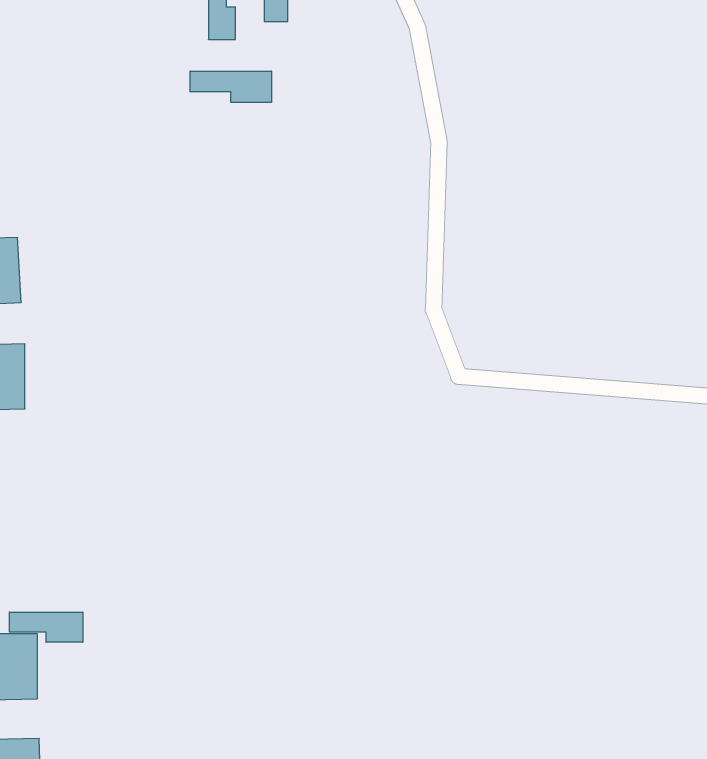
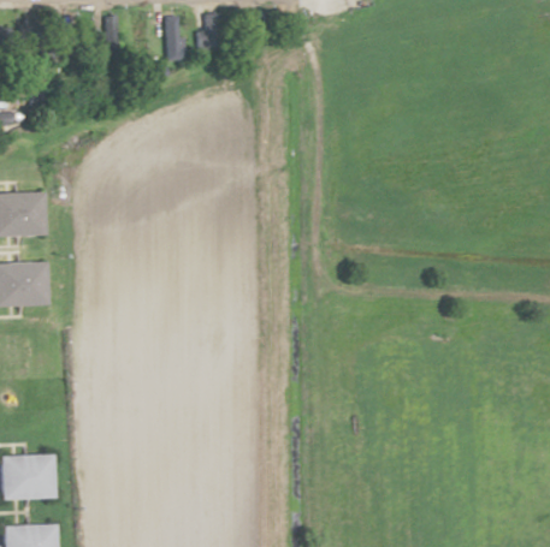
building: [190,71,271,102] -> none
building: [9,612,83,642] -> none

